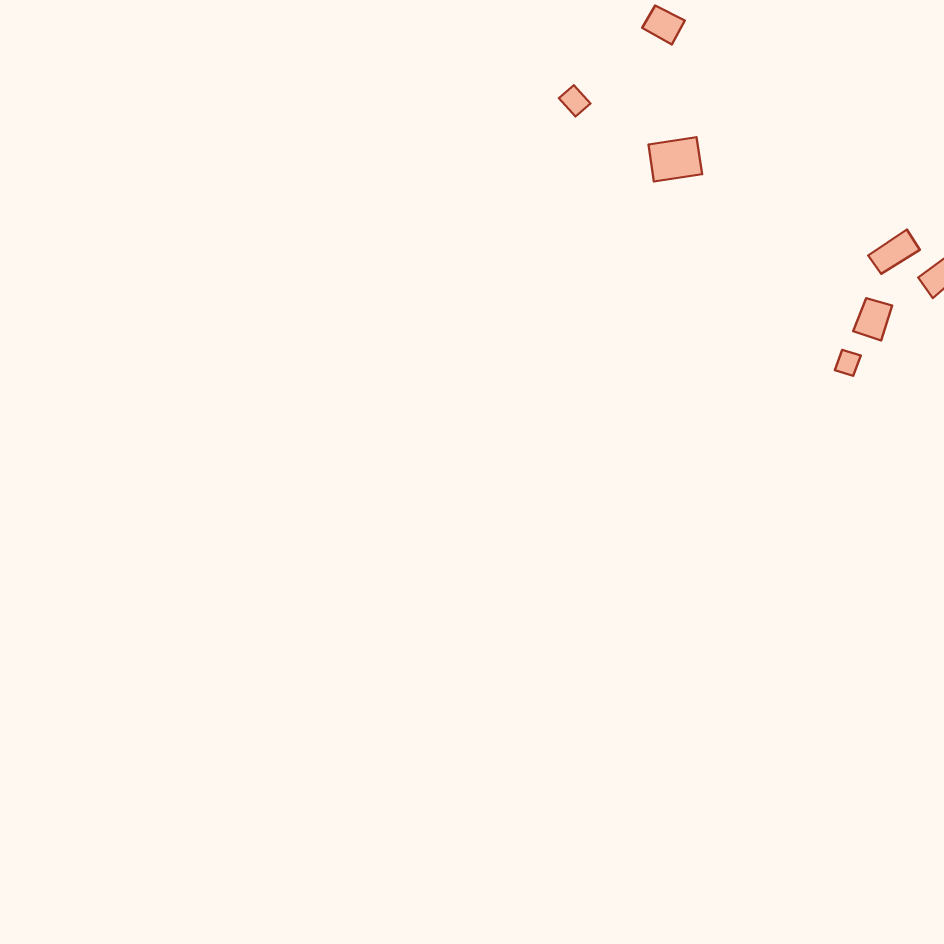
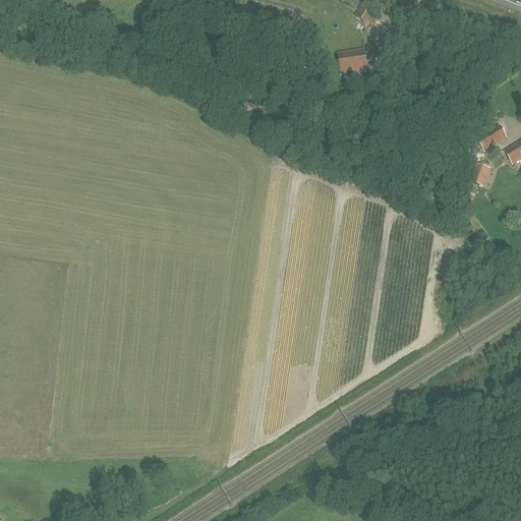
building: [648,137,702,182] -> [339,49,368,73]

